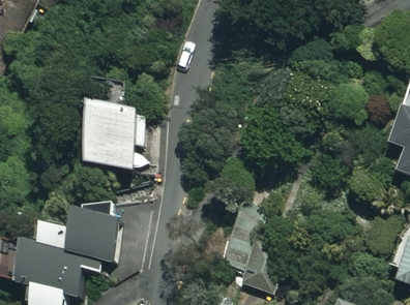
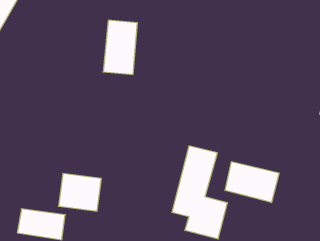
building: [97,104,139,170] -> [103,20,137,74]
building: none -> [225,162,279,203]

